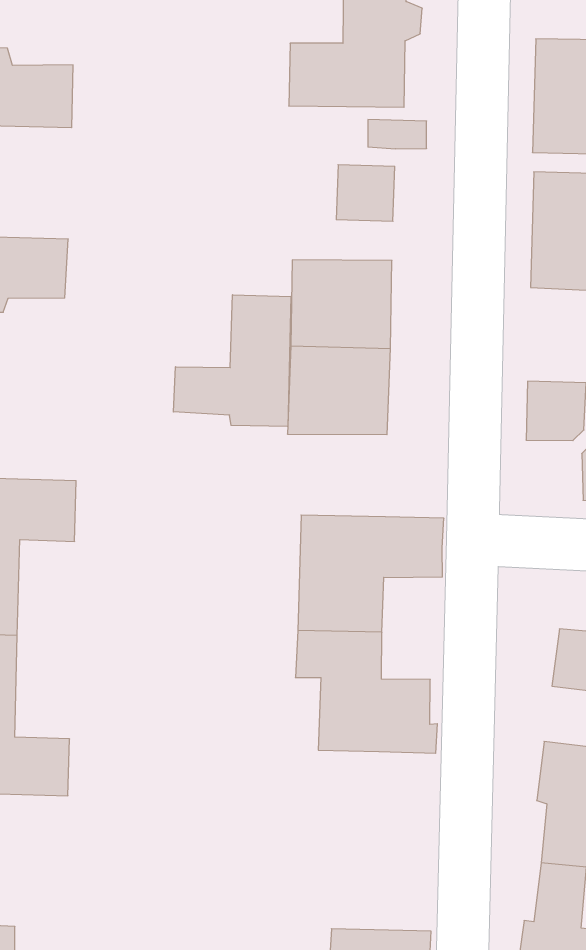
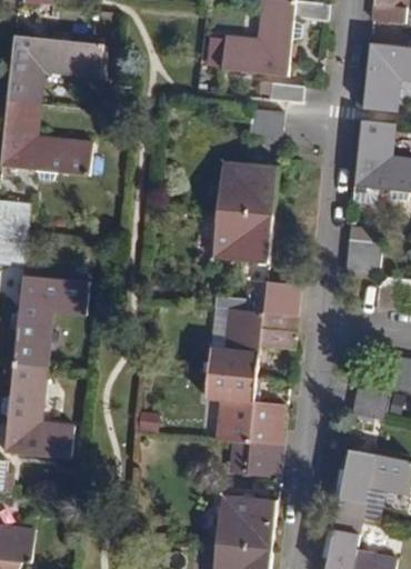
building: [173,295,291,427] -> none
building: none -> [262,280,298,315]
building: none -> [245,445,281,479]
building: none -> [214,496,277,549]

